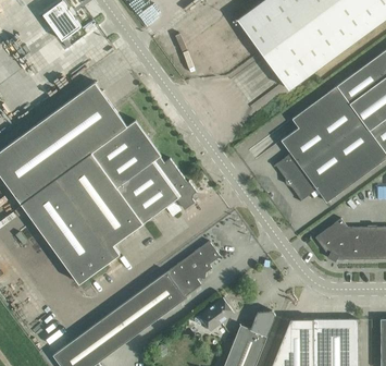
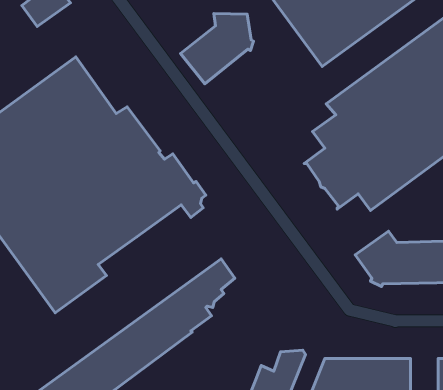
building: none -> [180,14,254,84]
building: [194,296,234,331] -> none

